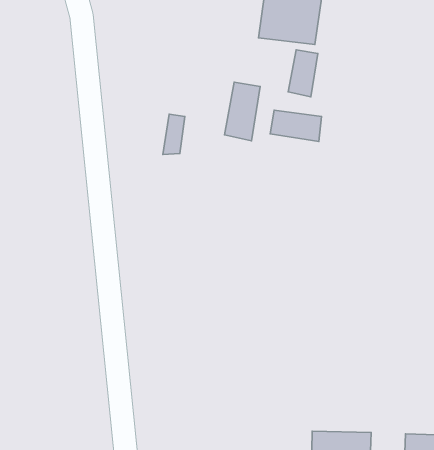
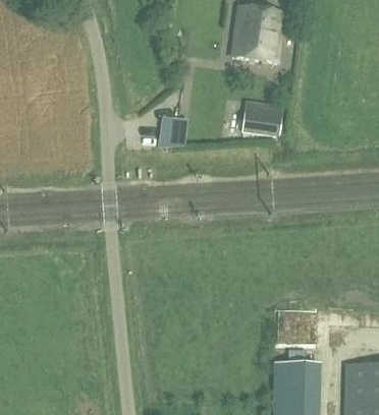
building: [288,50,318,97] -> none
building: [224,82,260,141] -> none

